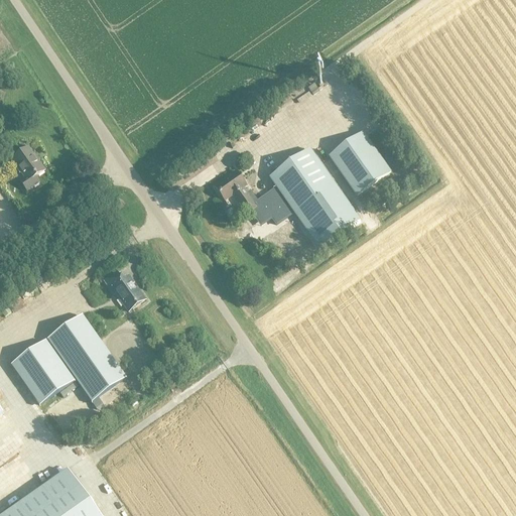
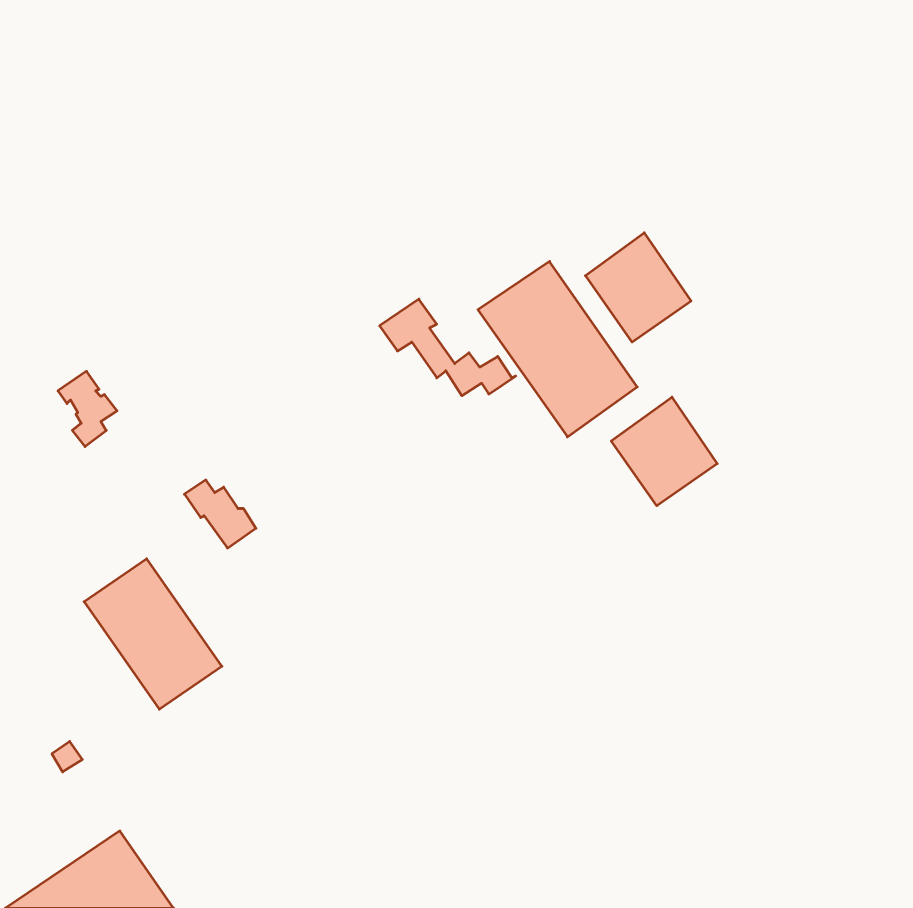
building: [11,145,44,187] -> [58,371,117,447]
building: none -> [611,397,717,506]
building: [11,340,73,402] -> none

